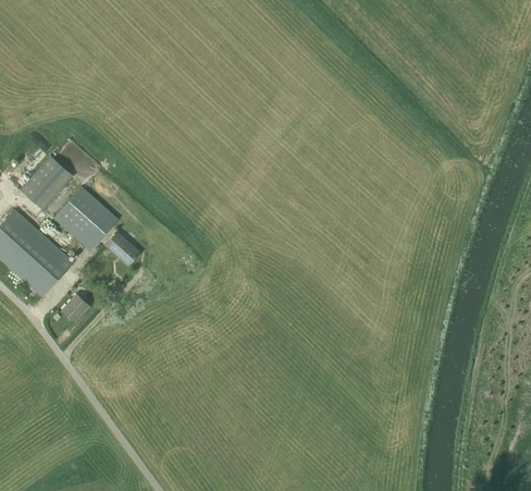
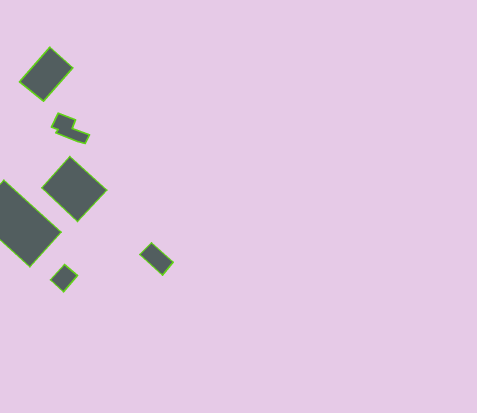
building: [20,155,73,209] -> [20,47,73,101]
building: [106,232,139,265] -> [140,243,173,275]

